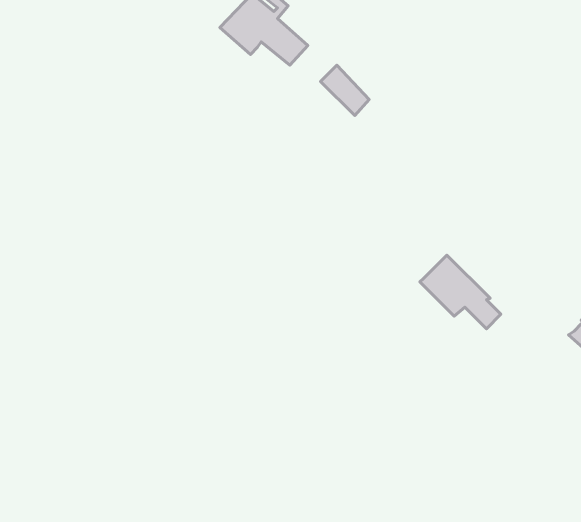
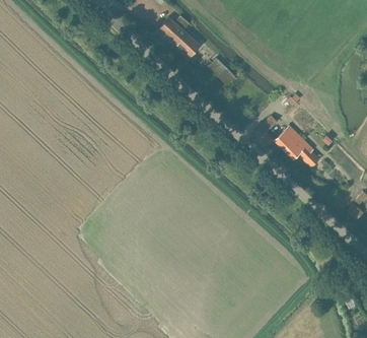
building: [420,255,501,329] -> [274,125,319,166]

